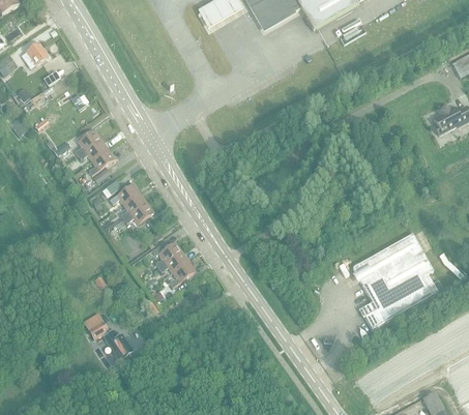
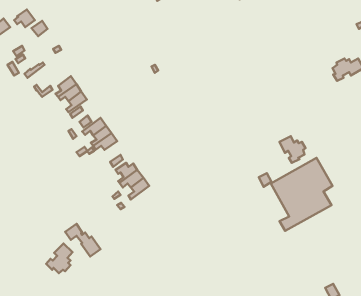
building: none -> [280,136,305,163]
building: none -> [46,243,73,273]

